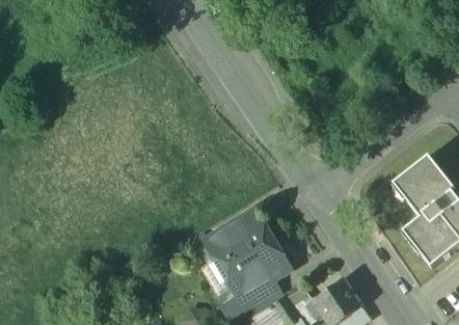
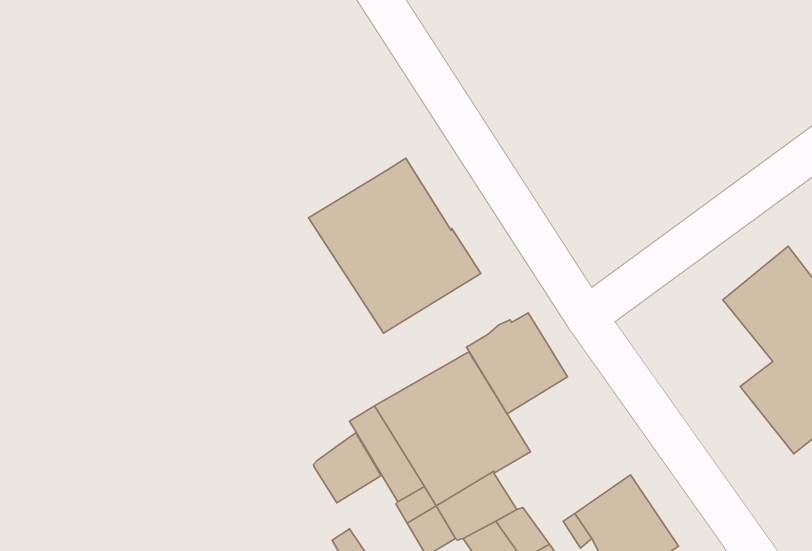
building: none -> [308,158,481,333]
building: none -> [467,313,567,414]
building: none -> [313,433,382,503]

